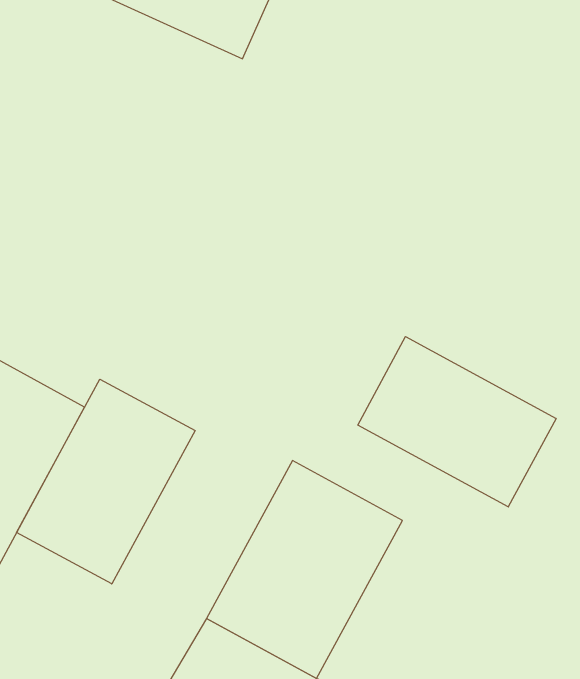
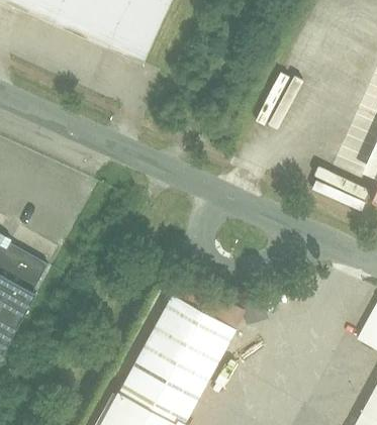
building: [358,337,556,507] -> none
building: [17,379,195,584] -> none

